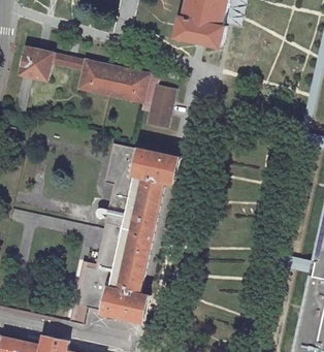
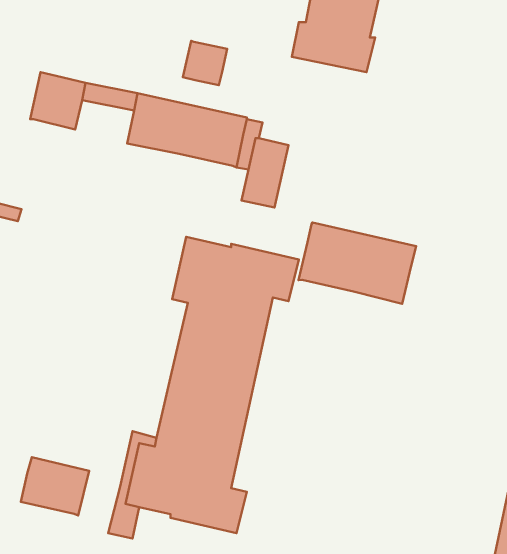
building: none -> [183,41,227,85]
building: none -> [298,222,416,304]
building: none -> [21,457,89,515]

